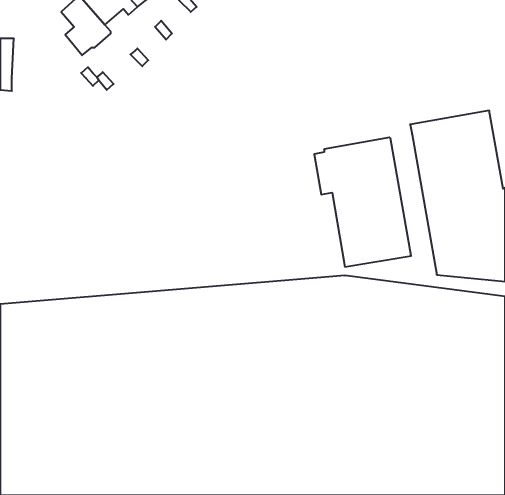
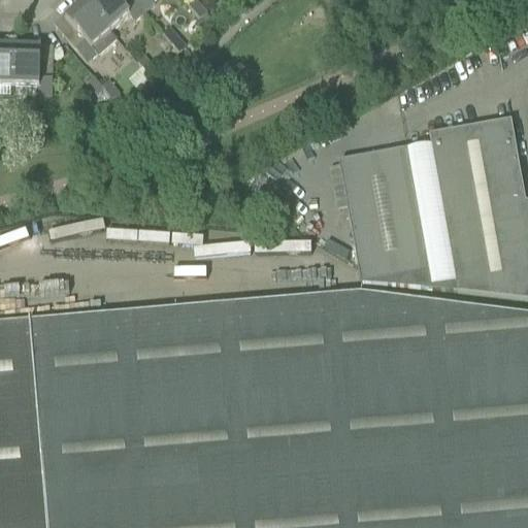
building: none -> [12,40,52,91]
building: none -> [360,140,456,287]

